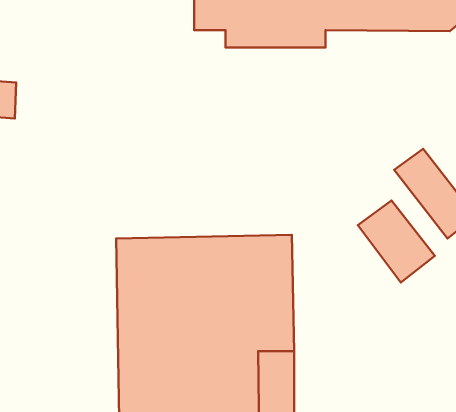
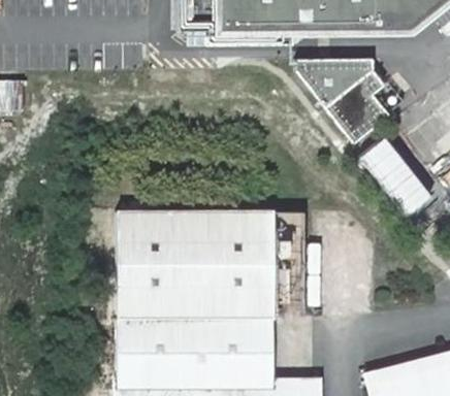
building: none -> [300,61,394,145]
building: [358,200,435,282] -> none

